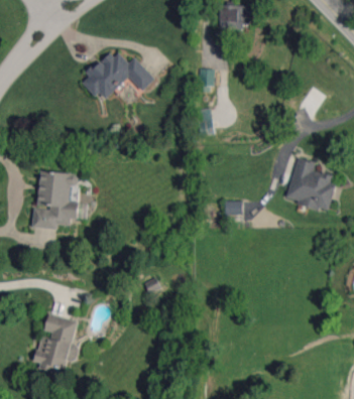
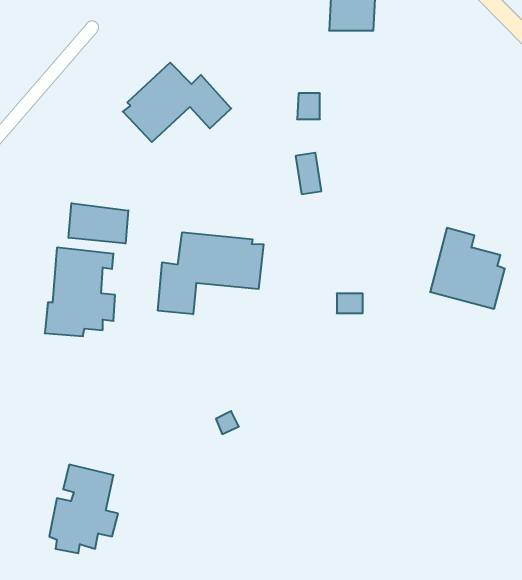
building: none -> [69,203,128,244]
building: none -> [158,232,264,314]

